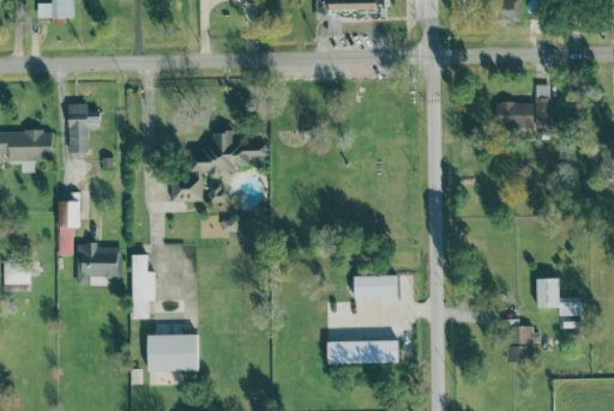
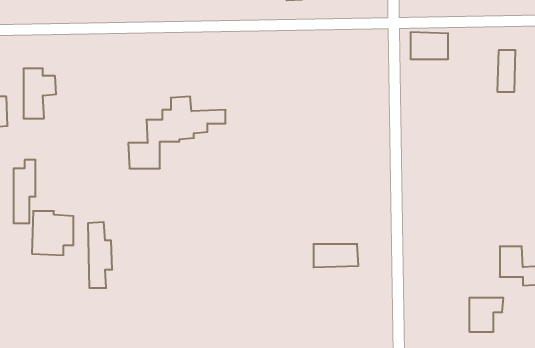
building: [496,101,534,127] -> [410,32,448,59]
building: [148,333,199,370] -> none
building: [327,339,399,363] -> none

